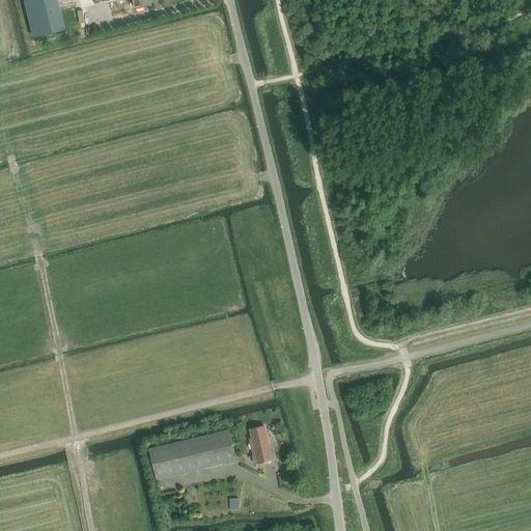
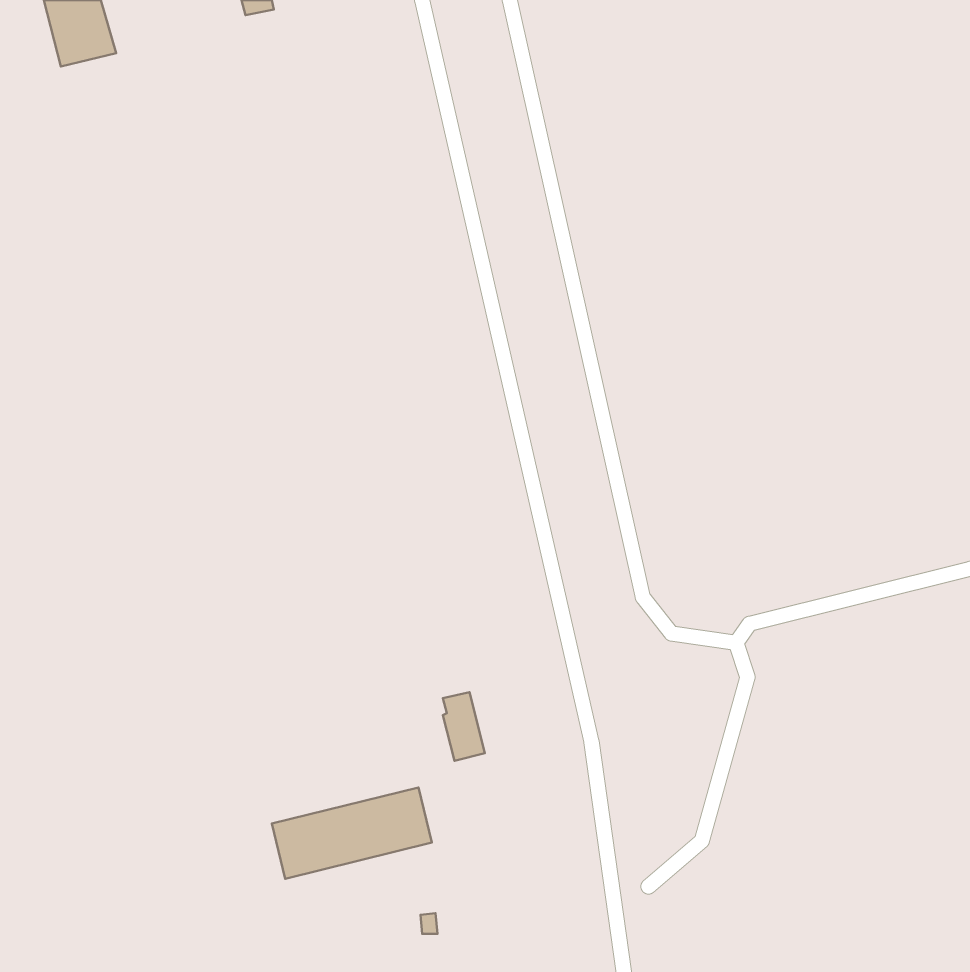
building: [249,426,272,464] -> [443,692,485,761]

